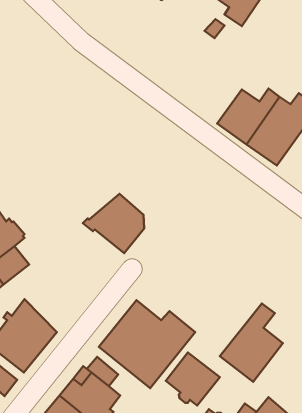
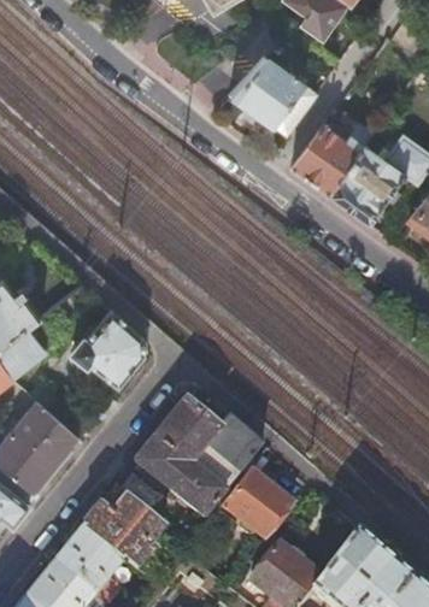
building: none -> [230,57,316,135]
building: [83,194,144,253] -> [64,314,145,393]
building: [220,304,283,382] -> none

